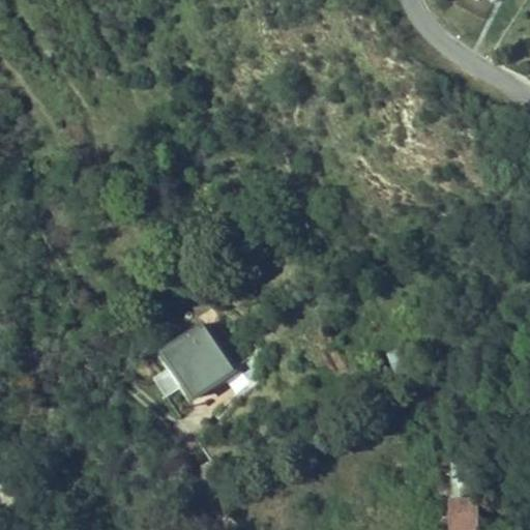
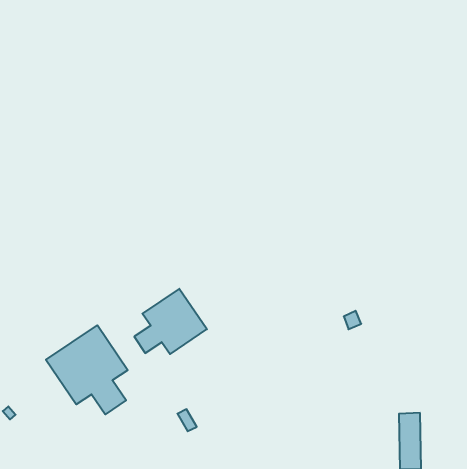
building: none -> [46,325,128,414]

